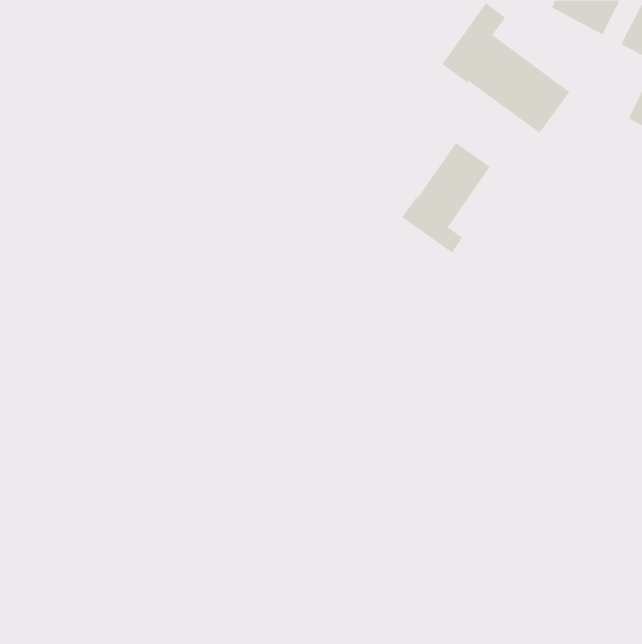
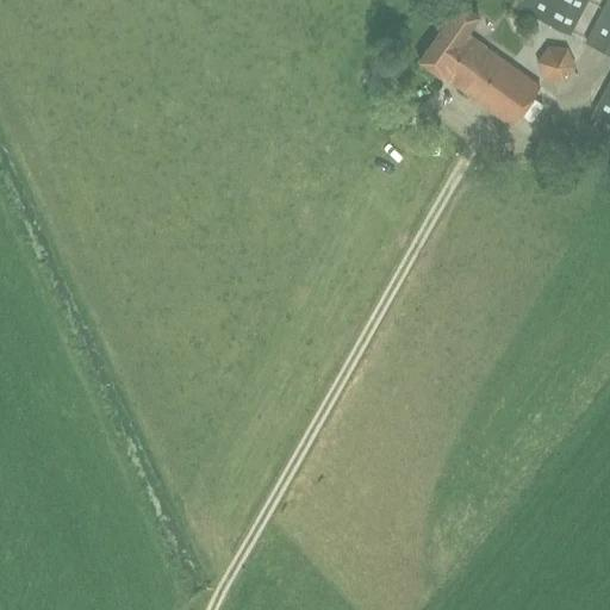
building: none -> [537,46,578,82]
building: [401,142,490,253] -> none

